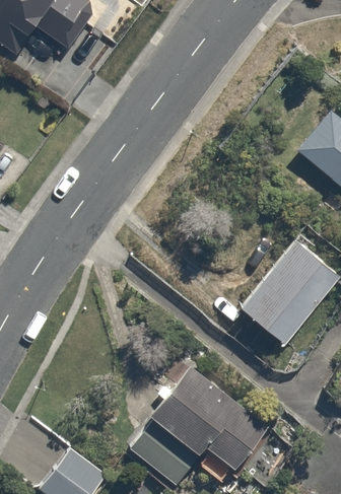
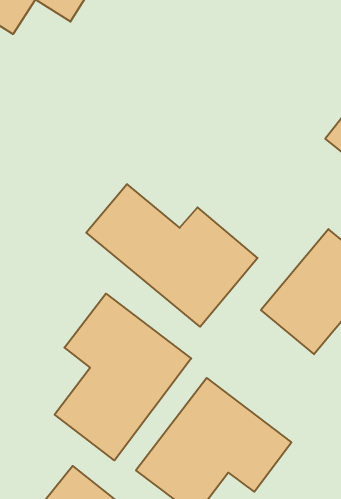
building: none -> [86,184,258,327]
building: none -> [55,294,191,460]

